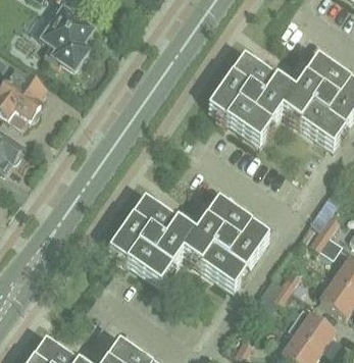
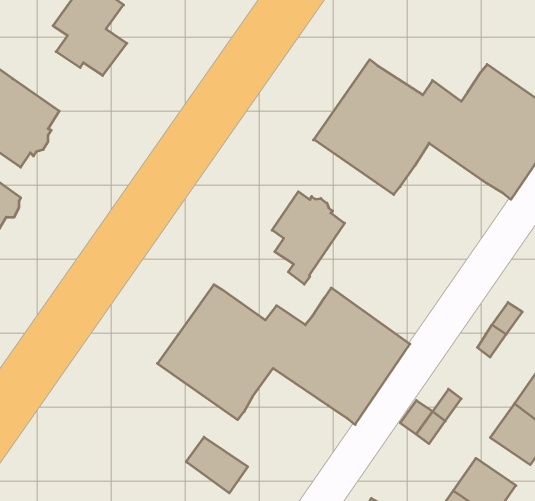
building: none -> [272,192,345,284]
building: none -> [186,437,248,493]

